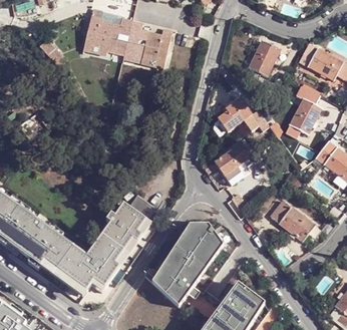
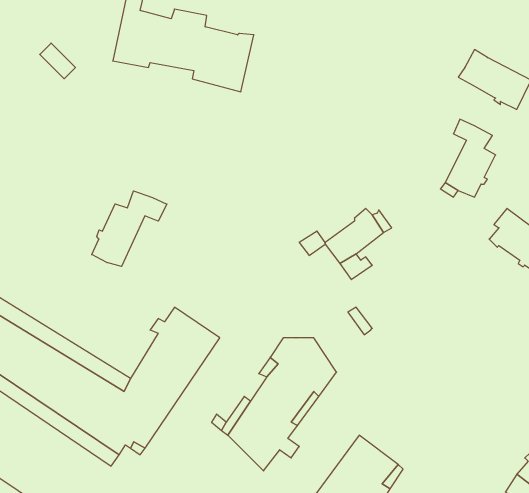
building: [245,40,279,82] -> none
building: [217,100,267,132] -> none
building: none -> [92,191,167,266]
building: [271,201,315,240] -> none

